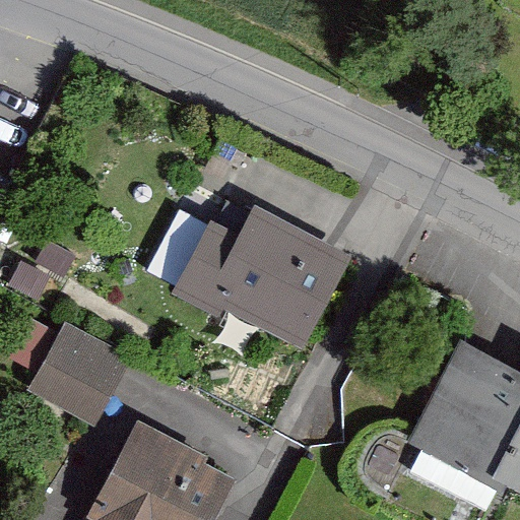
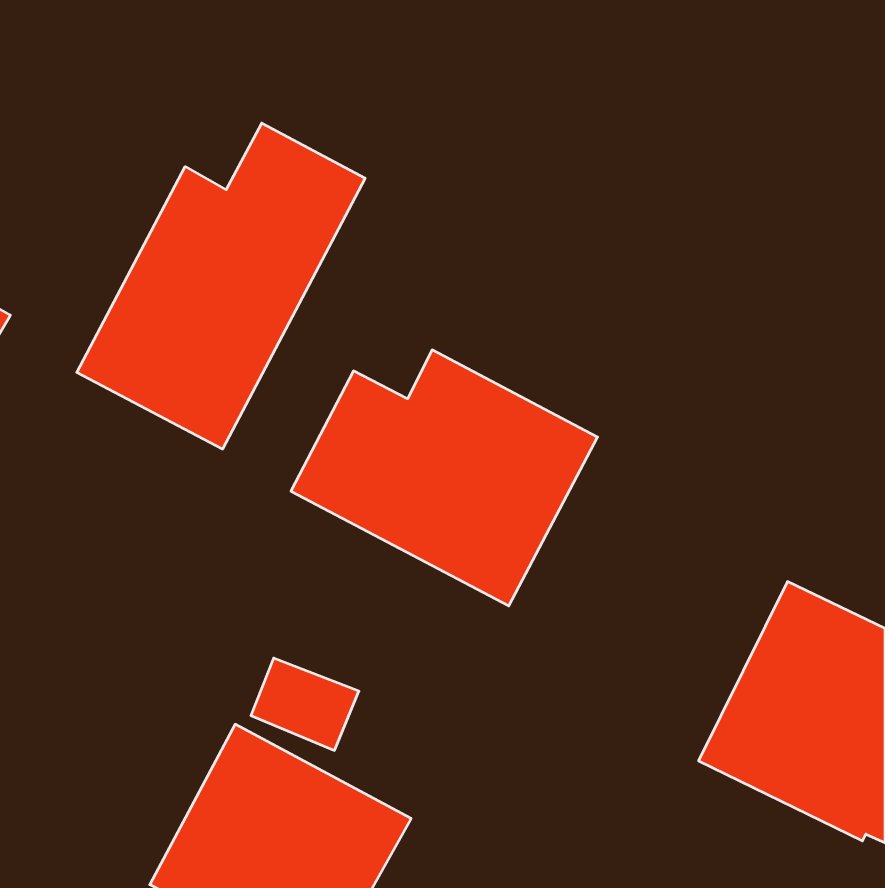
building: none -> [77,123,365,449]
building: [11,318,131,425] -> none

